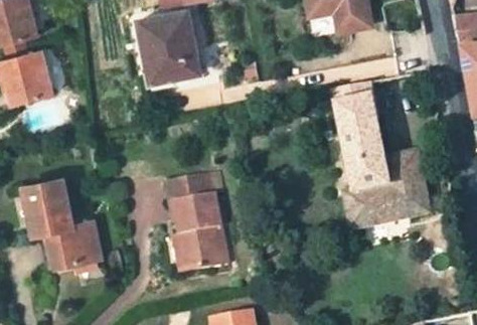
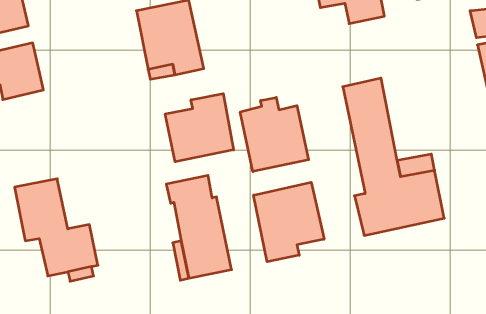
building: none -> [165,94,234,162]
building: none -> [240,97,309,172]
building: none -> [254,182,324,262]

